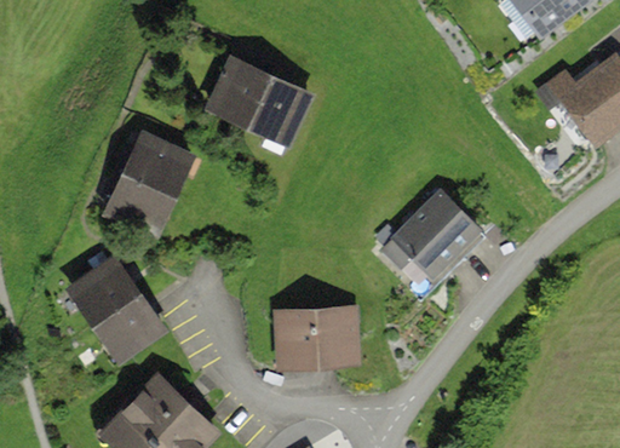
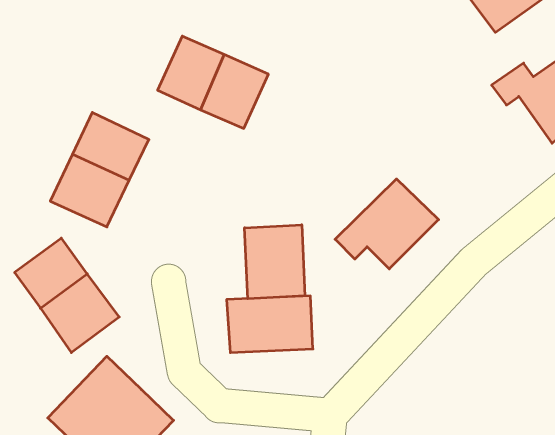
building: none -> [245,225,305,299]

